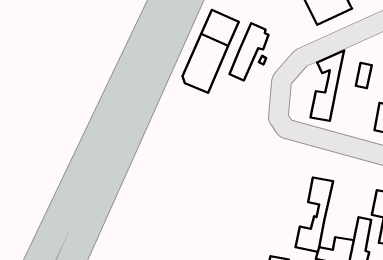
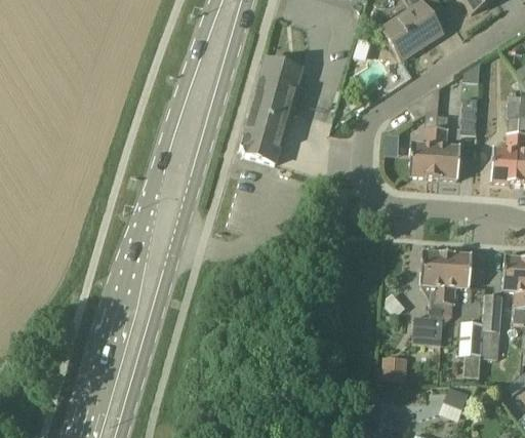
building: [229,23,268,81] -> none
building: none -> [434,116,460,178]
building: none -> [444,251,472,302]

